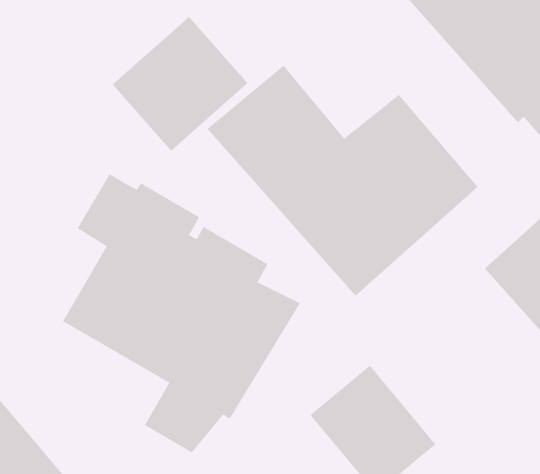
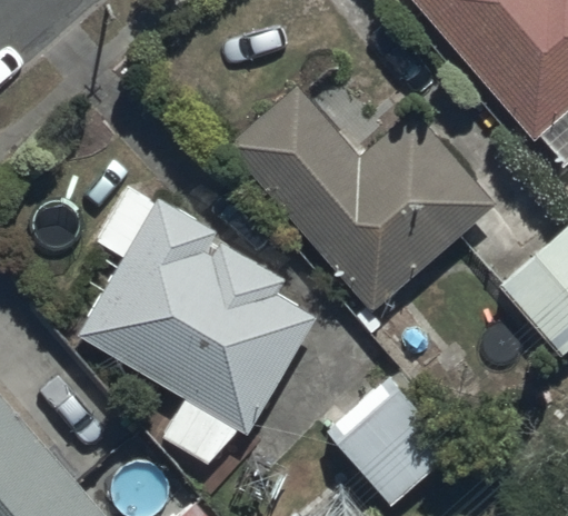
building: [112,16,248,152] -> none

